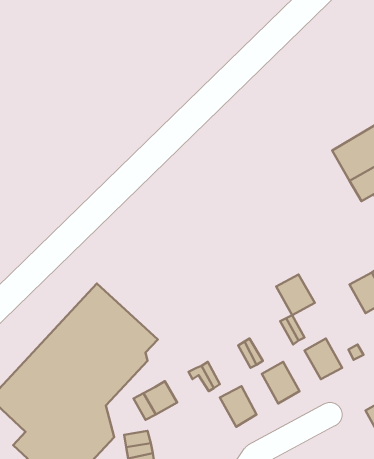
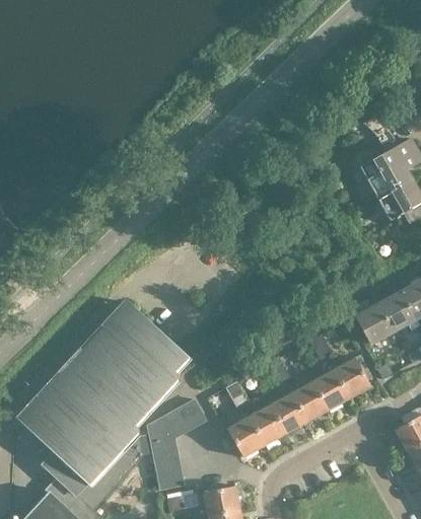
building: [276,274,315,315] -> [355,303,394,344]
building: none -> [311,369,349,410]
building: none -> [270,392,306,433]
building: none -> [226,416,265,457]
building: none -> [147,417,177,453]

